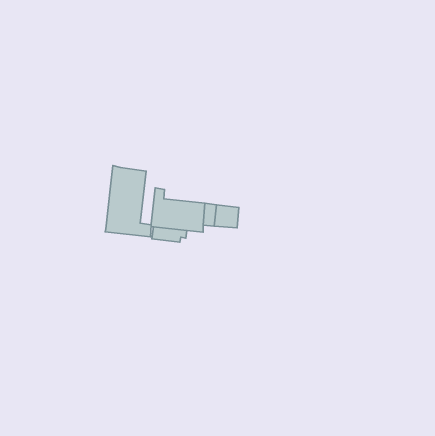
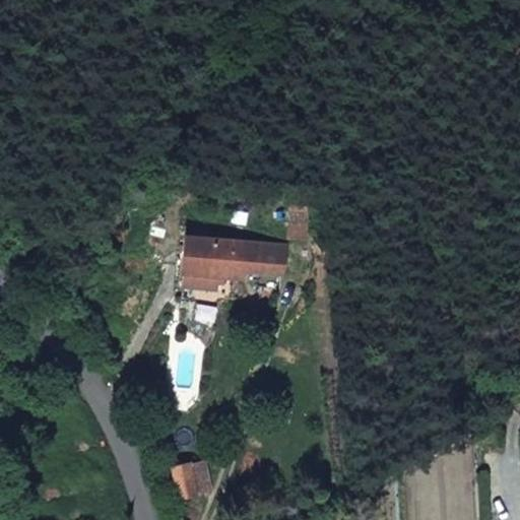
building: [105,166,151,237] -> none
building: none -> [174,465,214,499]

